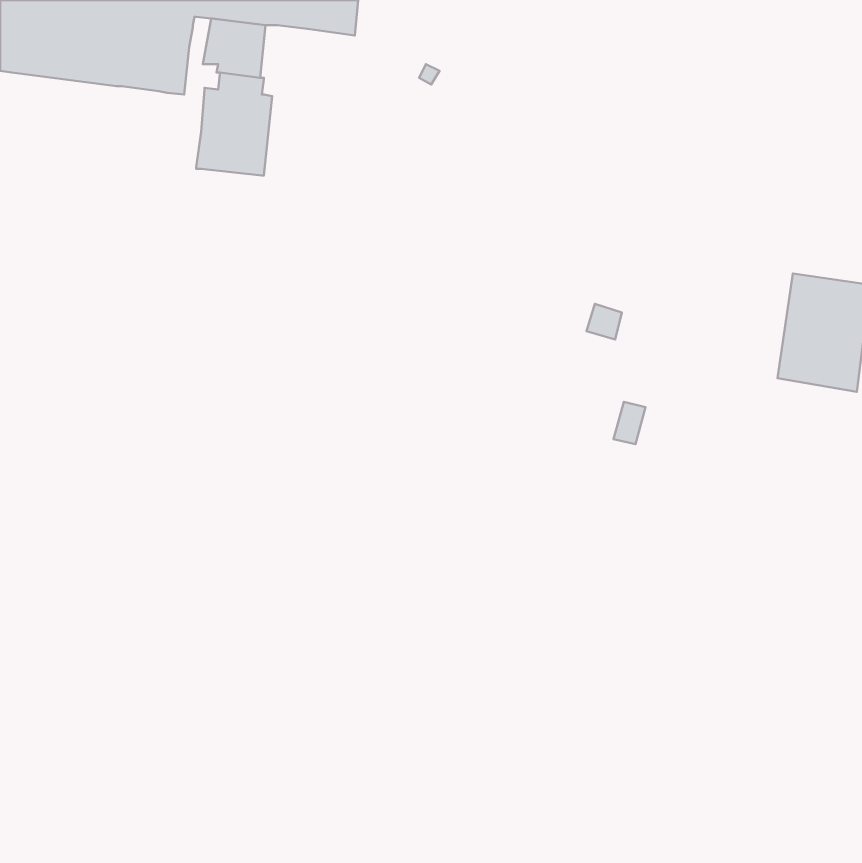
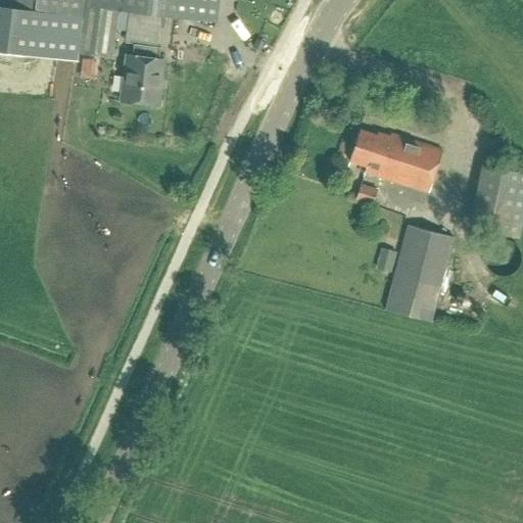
building: none -> [349,129,442,193]
building: none -> [384,226,454,322]

